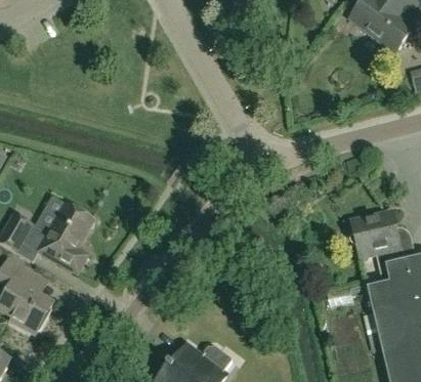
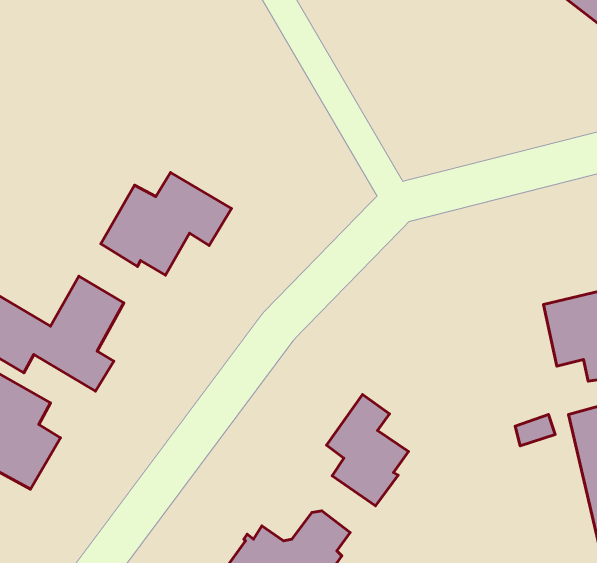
building: none -> [101,173,231,275]
building: none -> [326,394,408,506]

